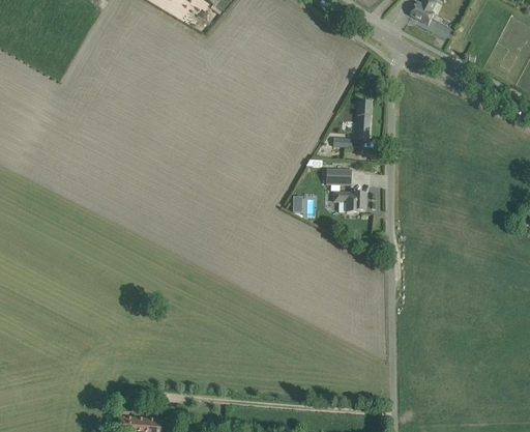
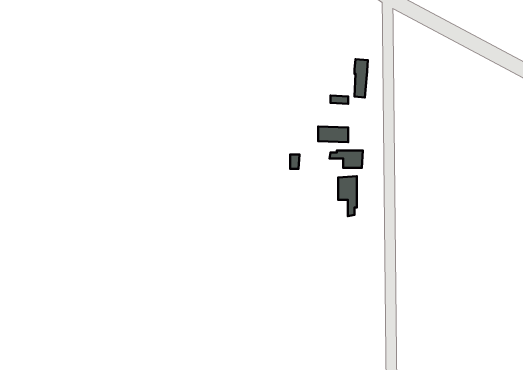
building: none -> [338,176,357,216]

